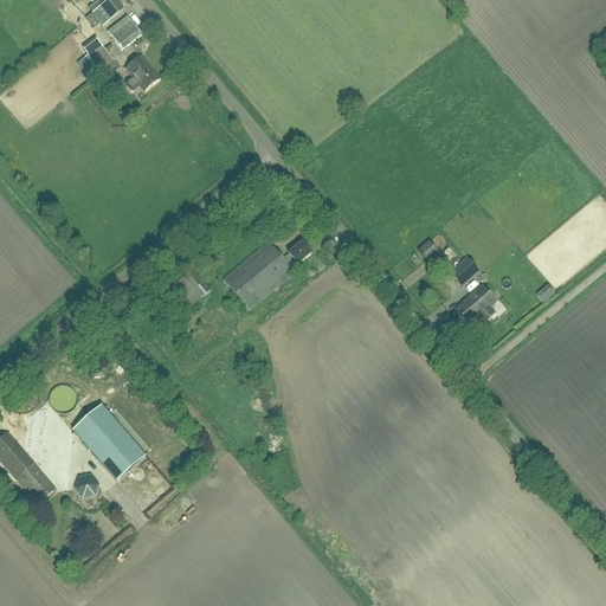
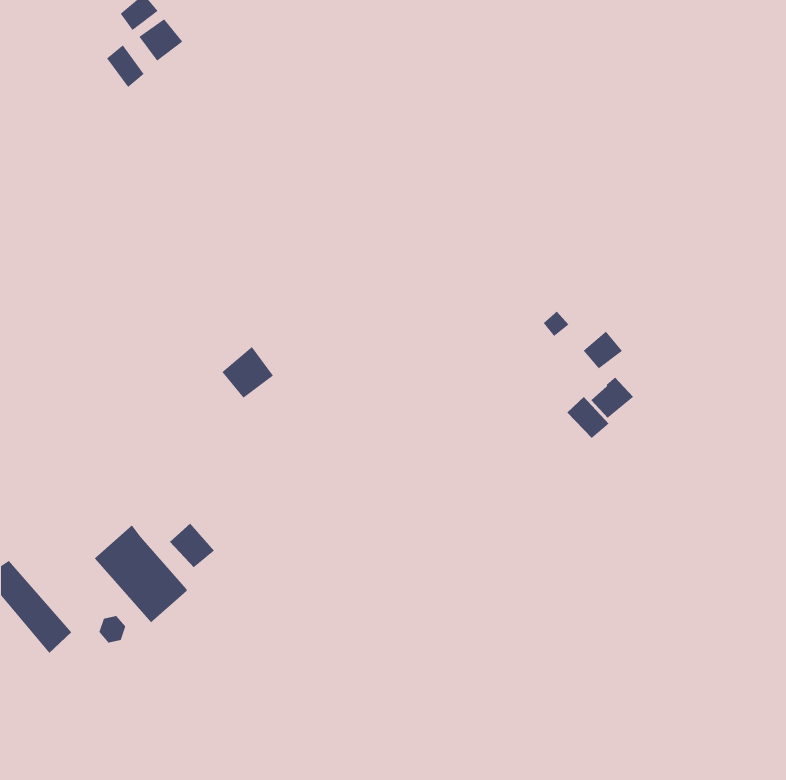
building: [124,53,159,89] -> none
building: [223,239,311,308] -> none
building: none -> [567,396,609,439]
building: none -> [169,523,215,568]

